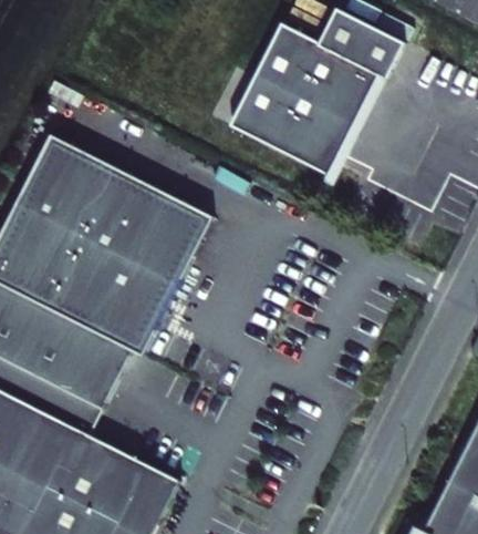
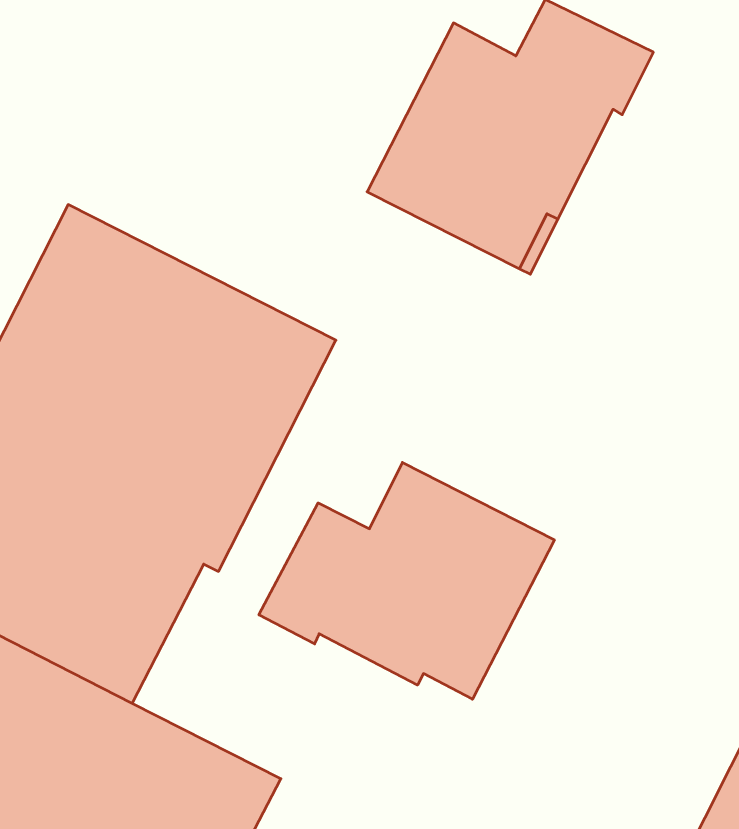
building: none -> [259,462,554,699]

